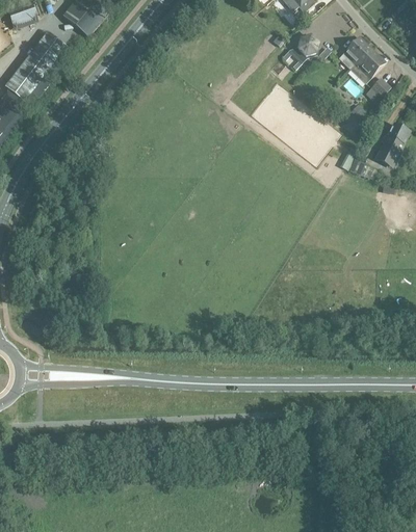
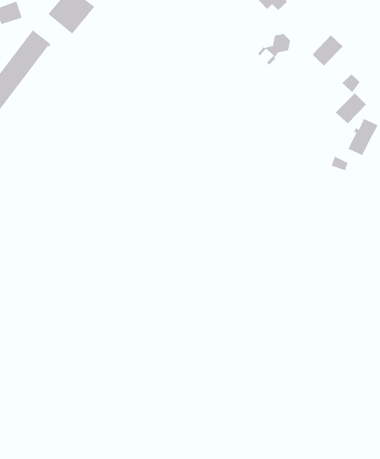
building: [353,49,386,82] -> [335,92,367,124]

